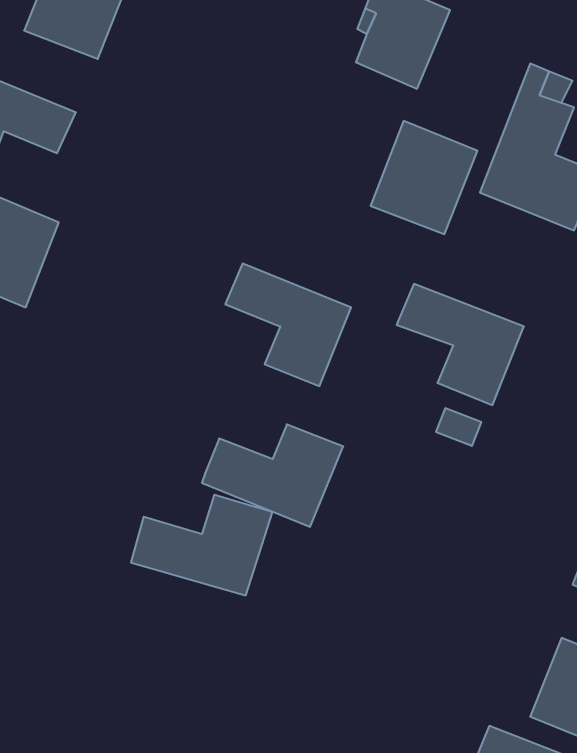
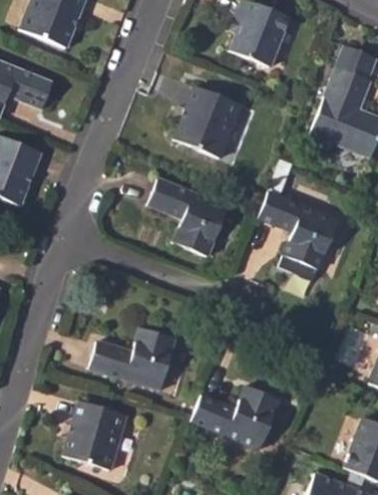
building: [371,121,477,234] -> [173,85,242,158]
building: [202,424,343,527] -> [190,384,280,449]
building: none -> [63,400,127,469]

